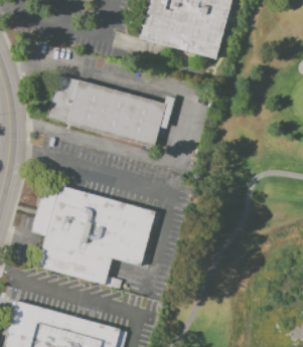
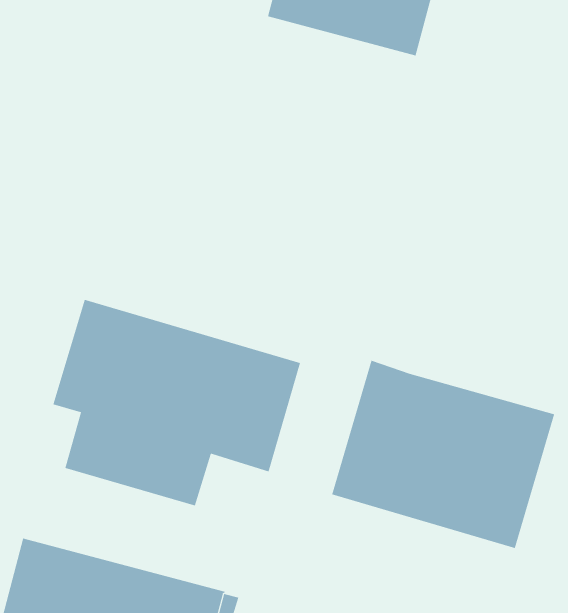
building: [46,73,175,147] -> none
building: none -> [332,360,555,549]

